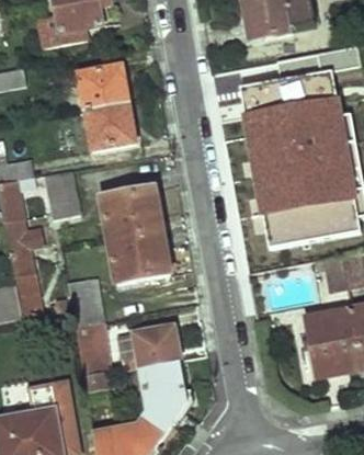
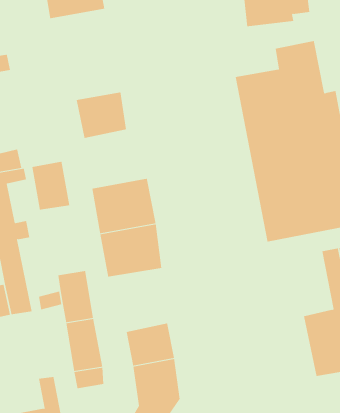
building: [80,65,129,110] -> none

